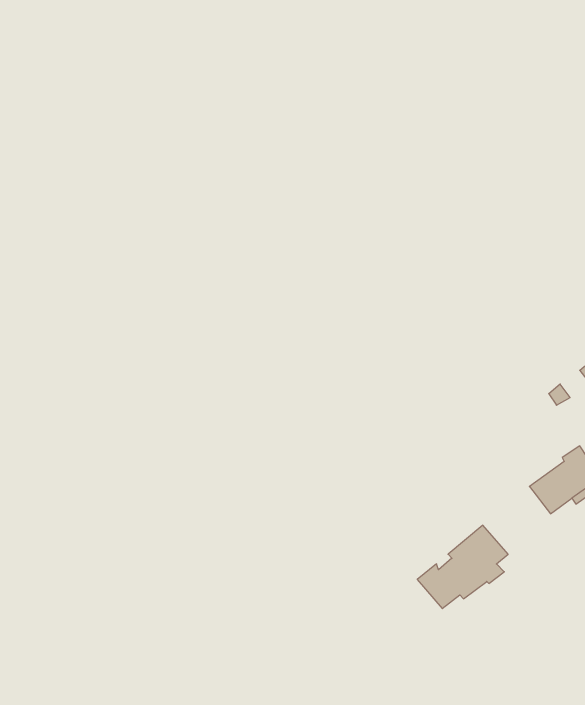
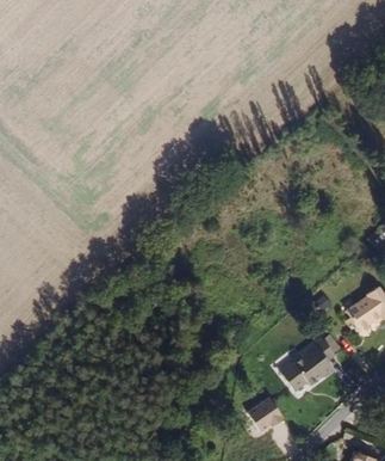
building: none -> [246,398,282,434]

